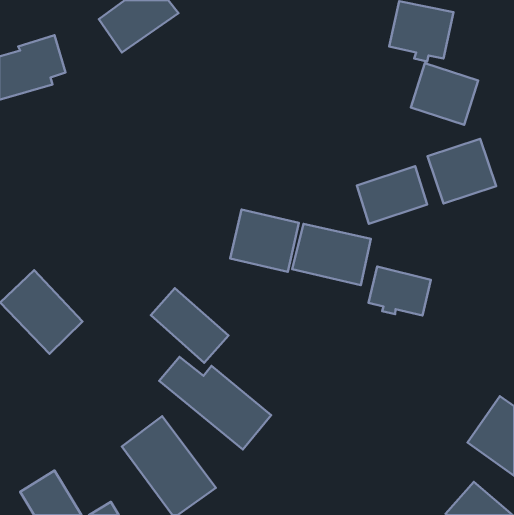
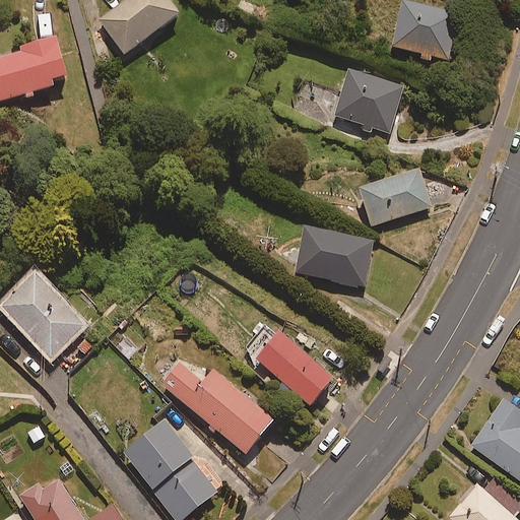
building: [411,63,478,125] -> [335,69,403,131]
building: [427,139,496,204] -> none
building: [230,209,299,272] -> none
building: [369,267,431,315] -> none
building: [151,288,228,363] -> [256,330,334,405]

